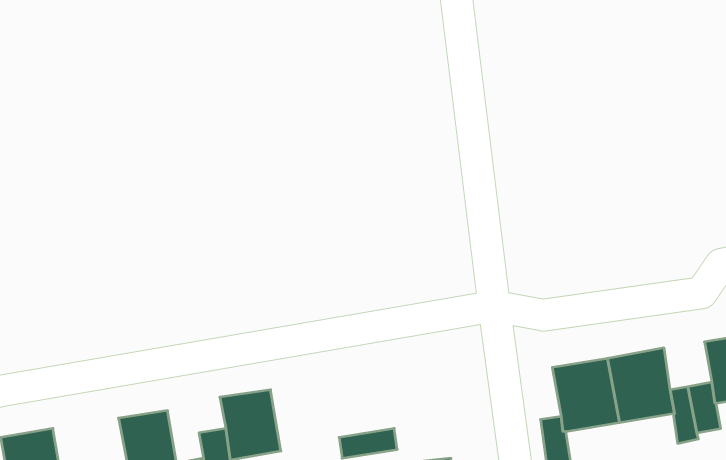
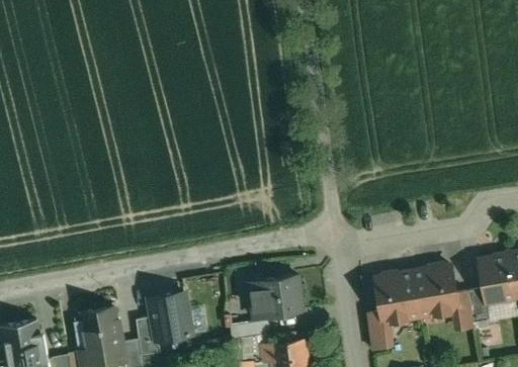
building: none -> [250,276,303,318]

